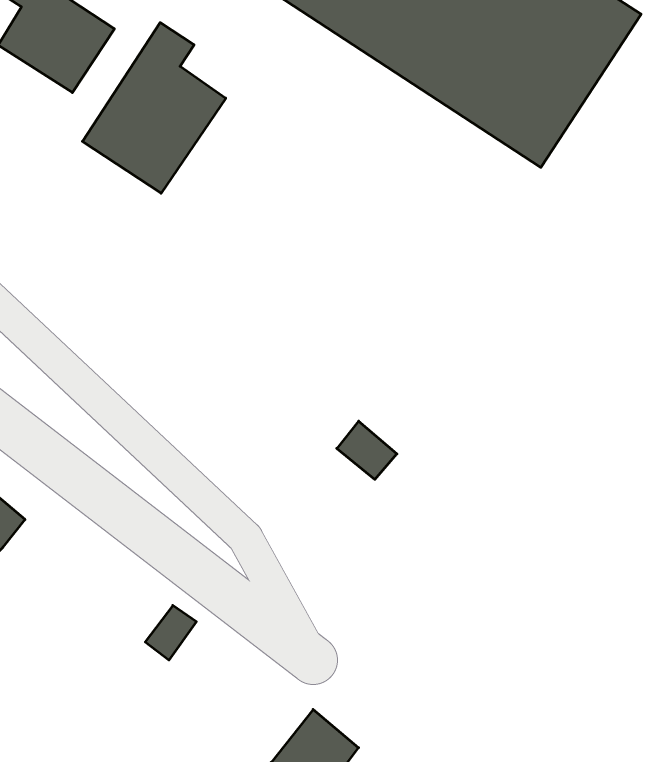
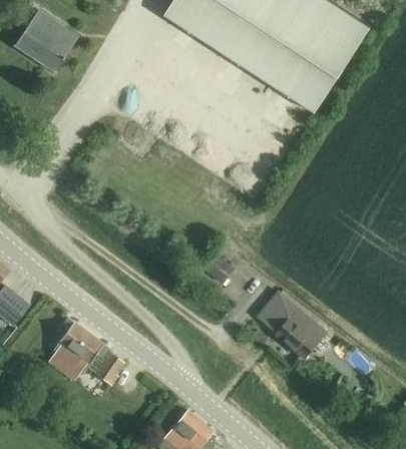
building: [82,23,226,193] -> none
building: none -> [257,293,327,359]
building: none -> [53,319,110,374]

